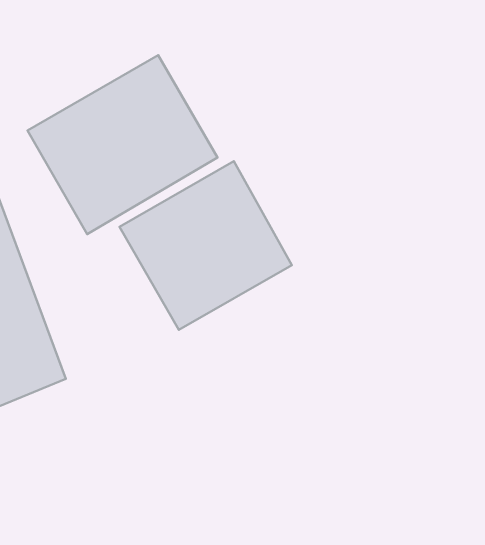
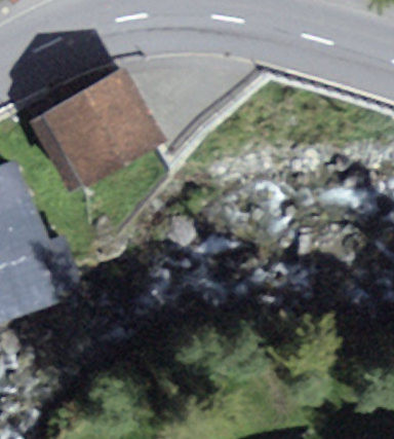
building: [120,161,292,330] -> none

